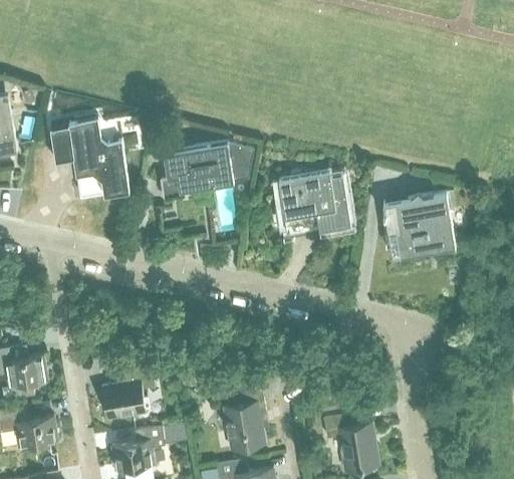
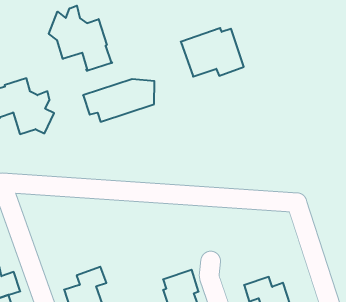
building: none -> [49,6,112,71]
building: [279,174,351,232] -> [181,28,244,77]
building: [382,194,456,258] -> none

